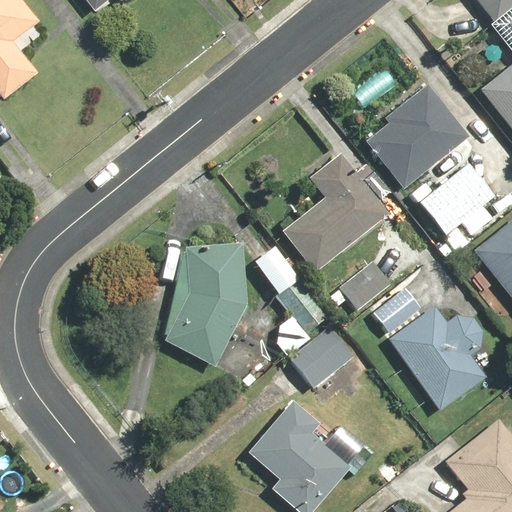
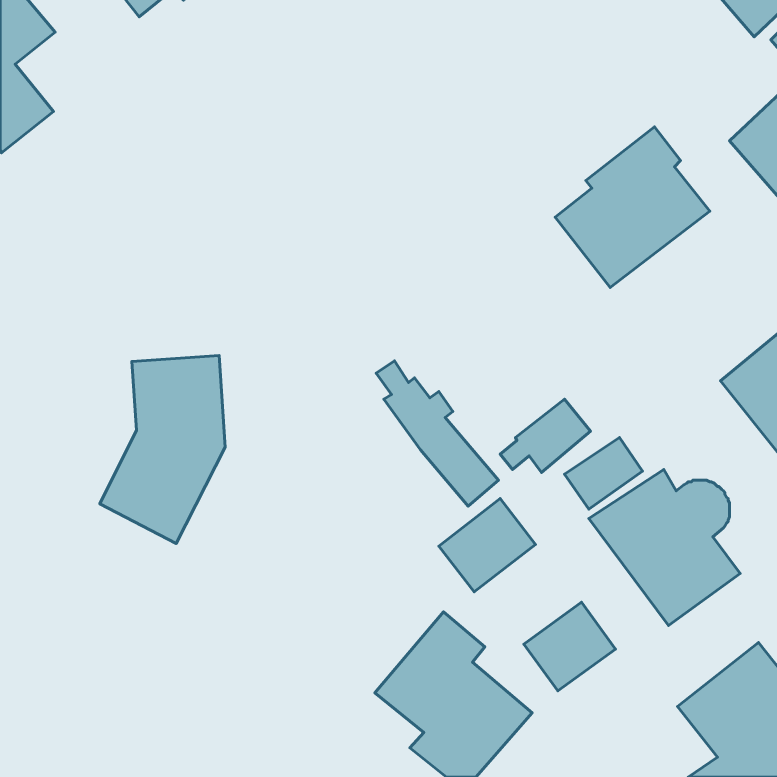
building: [284,154,389,272] -> none
building: [420,164,495,235] -> none
building: [165,244,247,367] -> [100,355,225,544]
building: none -> [524,602,616,691]

